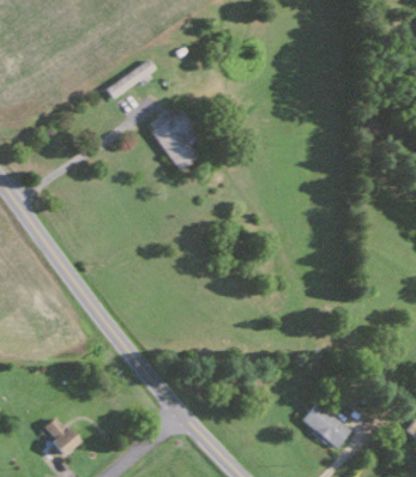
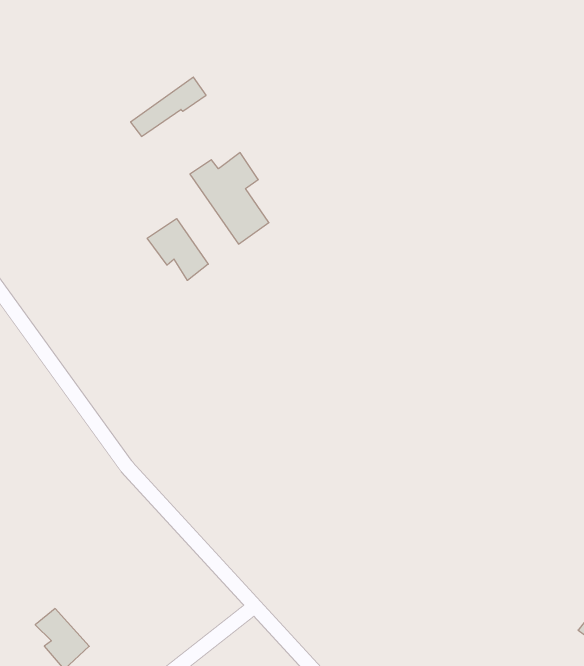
building: none -> [147,219,208,280]
building: [302,401,352,447] -> none

